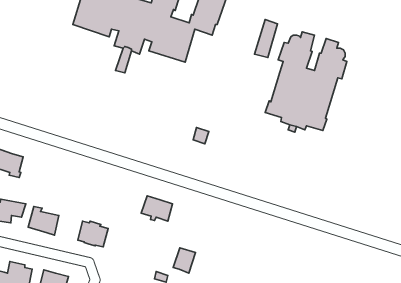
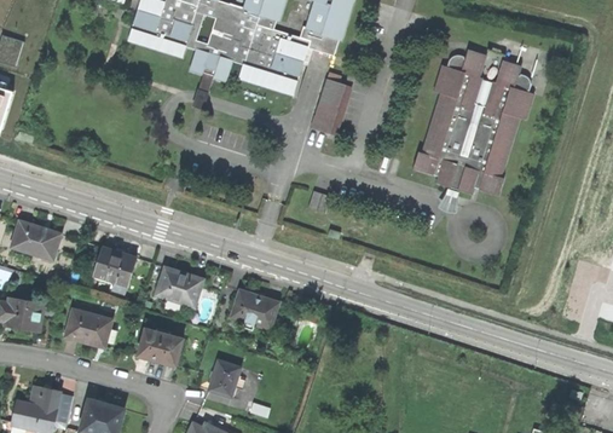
building: [255,20,278,58] -> [313,77,347,133]
building: none -> [89,247,135,293]
building: none -> [155,269,202,307]
building: [173,248,196,273] -> [207,359,239,397]

